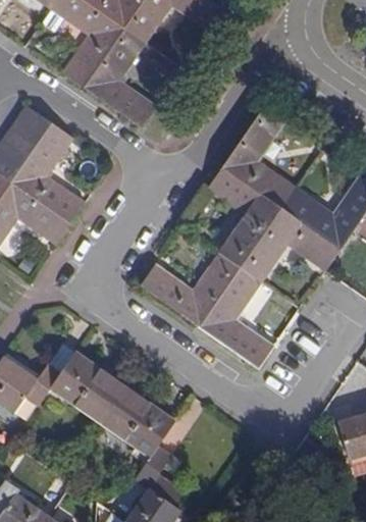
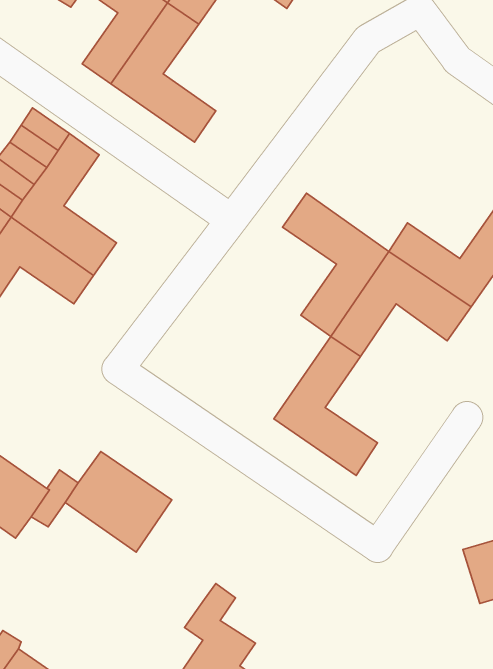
building: [223,108,296,207] -> none
building: [140,253,241,327] -> none
building: [101,385,175,457] -> none

